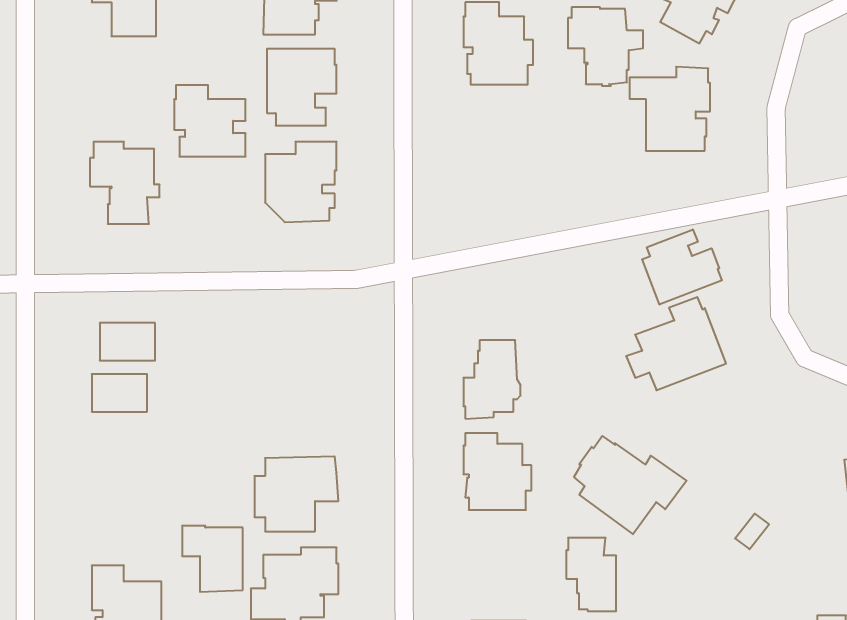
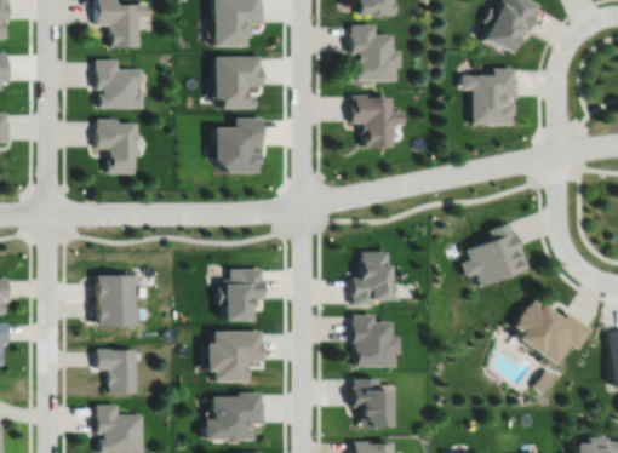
building: [568,7,643,86] -> [349,96,400,149]
building: [174,85,246,157] -> [96,59,144,108]
building: [642,229,722,305] -> none
building: [100,323,155,361] -> [97,302,135,327]
building: none -> [218,270,263,322]
building: [574,436,687,534] -> [514,300,590,367]
building: [182,526,243,592] -> [97,350,138,395]
building: [566,538,616,611] -> [350,380,384,430]

